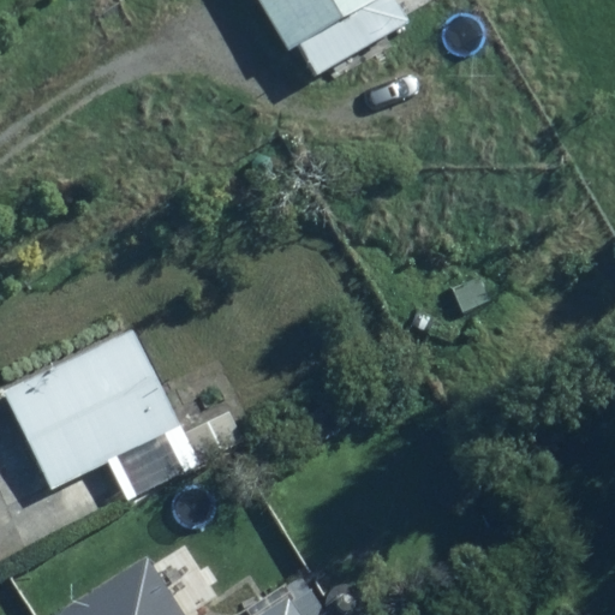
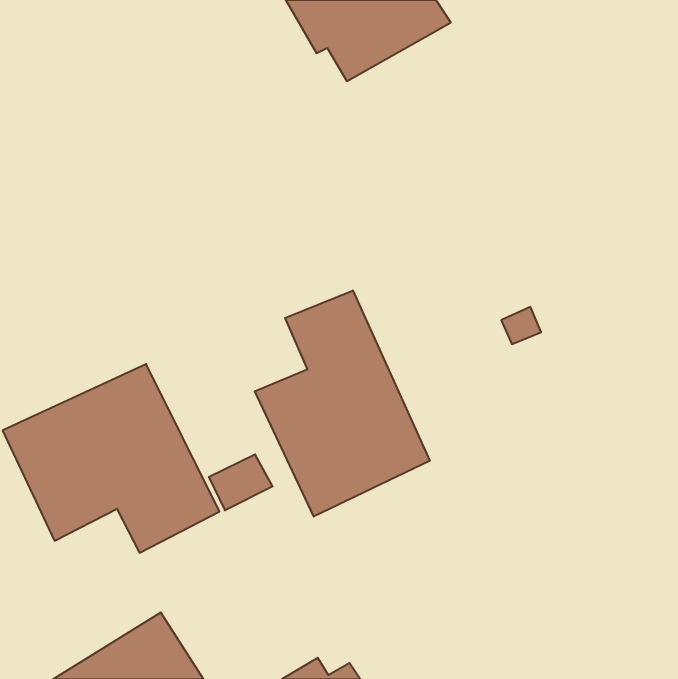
building: none -> [255,290,430,517]

